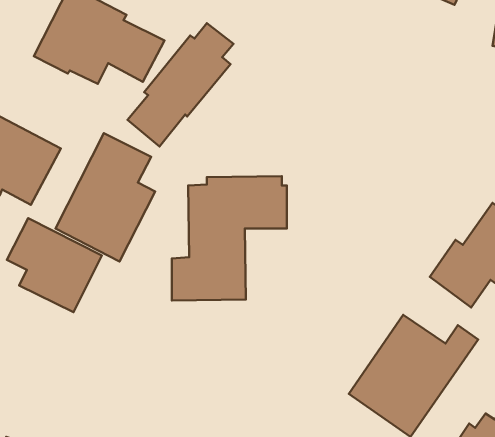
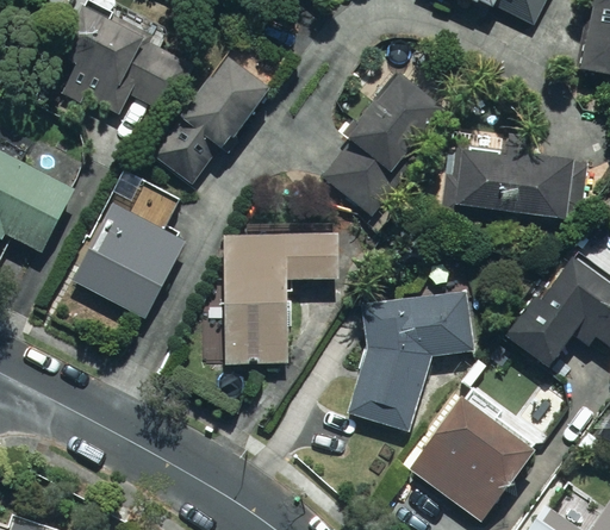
building: none -> [319,73,442,218]
building: none -> [441,132,572,220]
building: [7,218,102,312] -> none
building: none -> [348,291,473,432]

